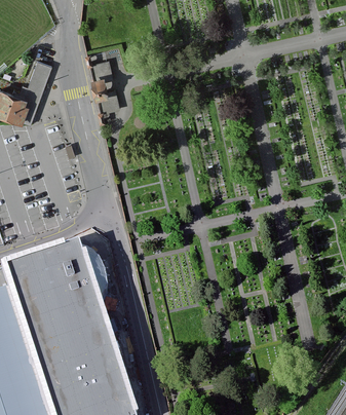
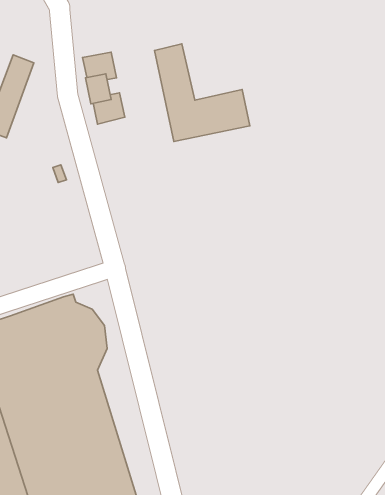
building: none -> [155,44,250,141]

